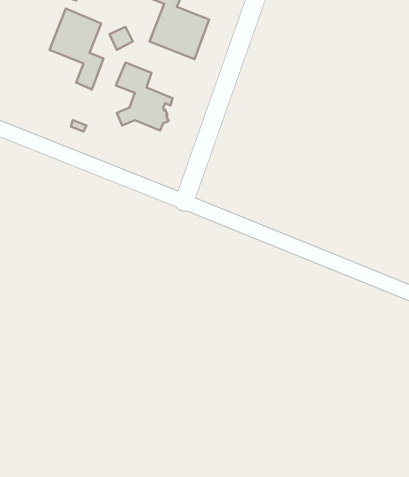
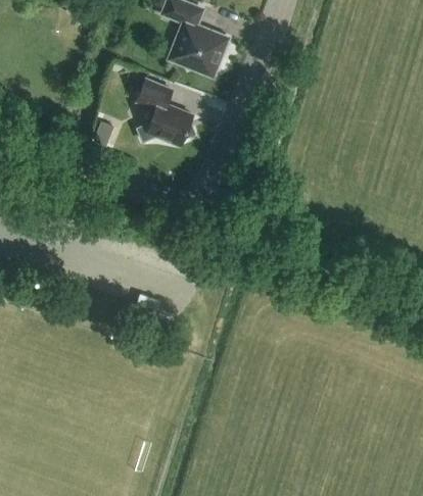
building: [50,8,104,89] -> none

